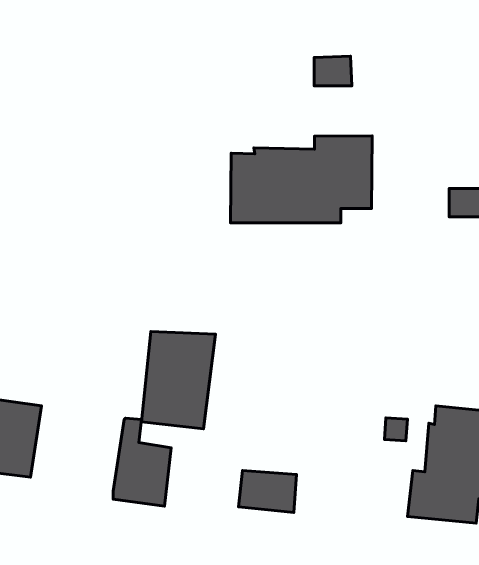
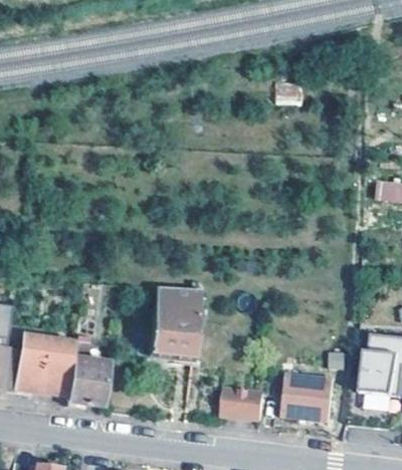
building: [231,136,372,223] -> none
building: [113,418,171,506] -> [63,339,107,405]
building: none -> [279,376,333,421]

